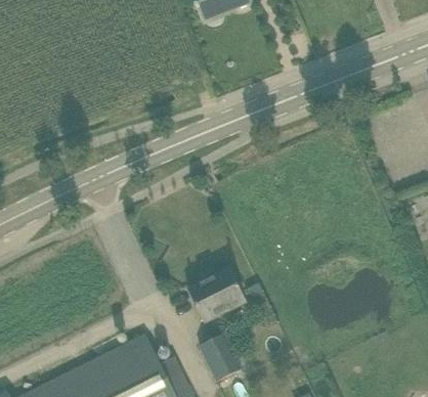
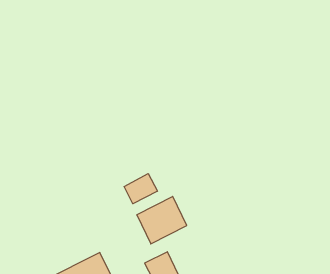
building: none -> [124,174,157,204]

